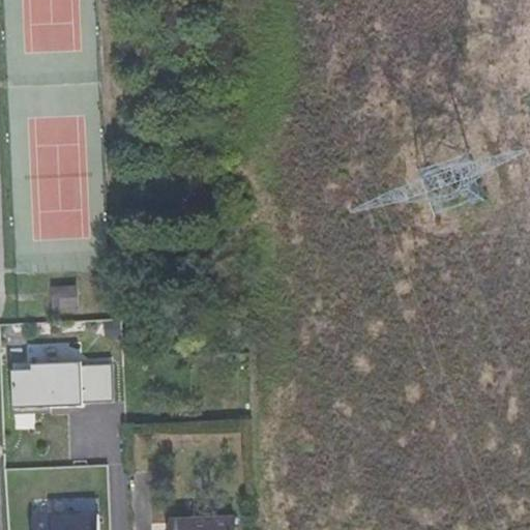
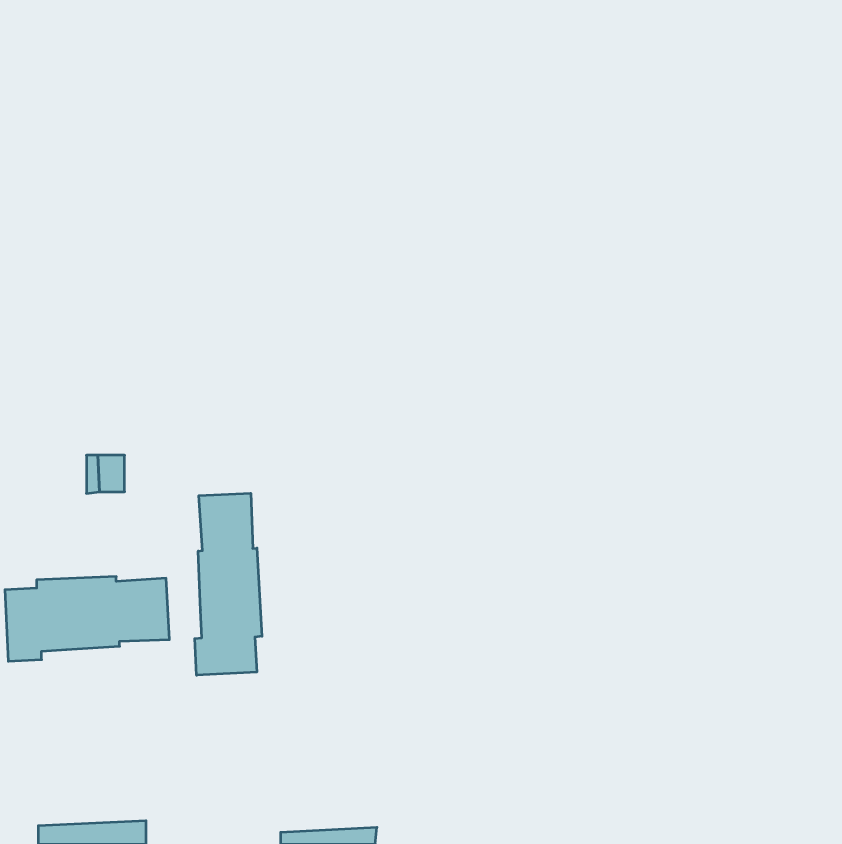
building: none -> [195,493,262,675]

